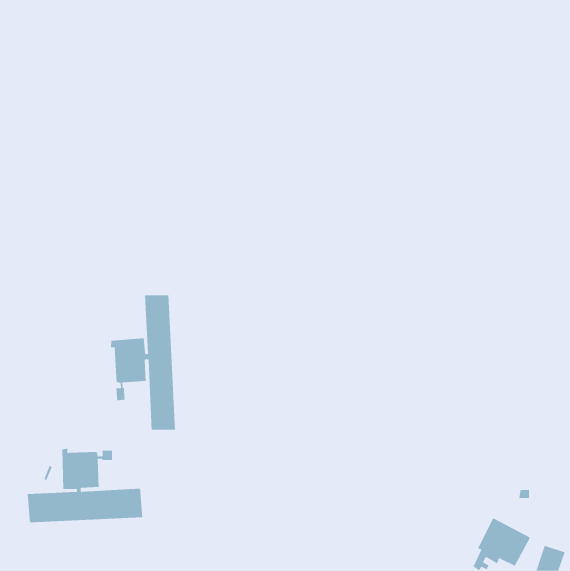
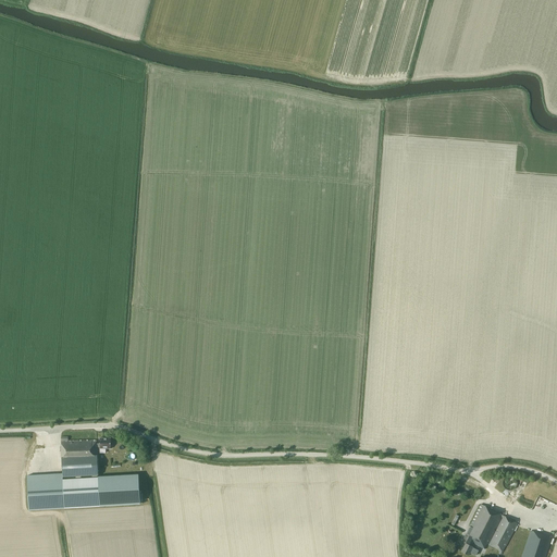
building: [111,294,176,431] -> none

